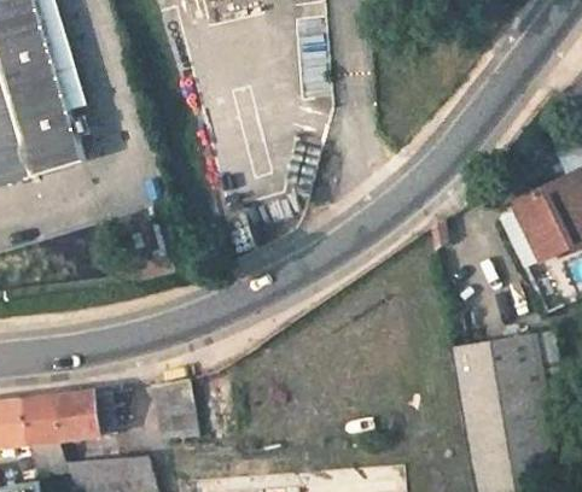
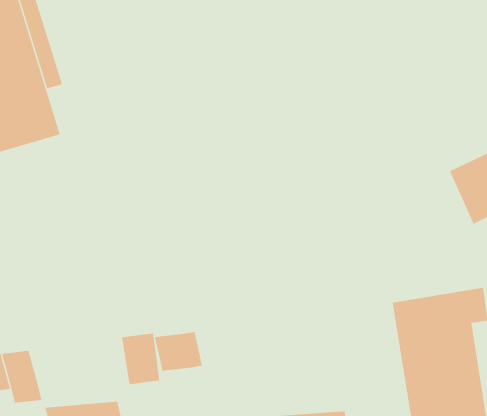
building: none -> [154,331,203,372]
building: [48,390,111,438] -> none

